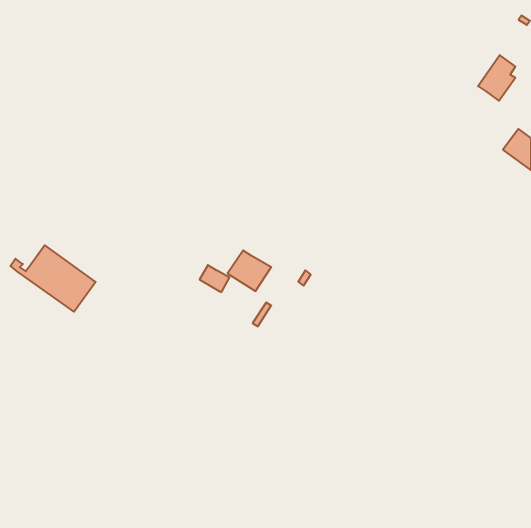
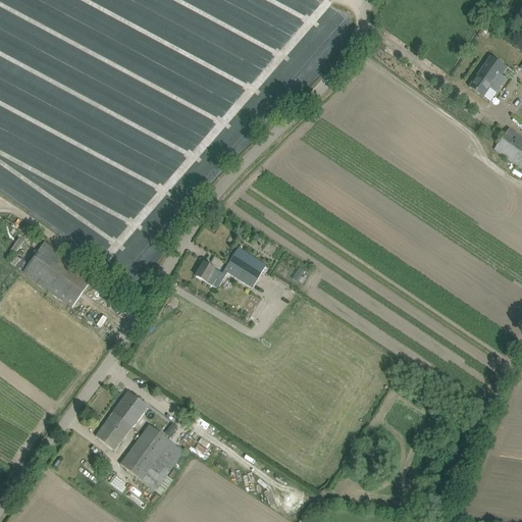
building: none -> [95,393,147,449]
building: none -> [119,423,184,488]

